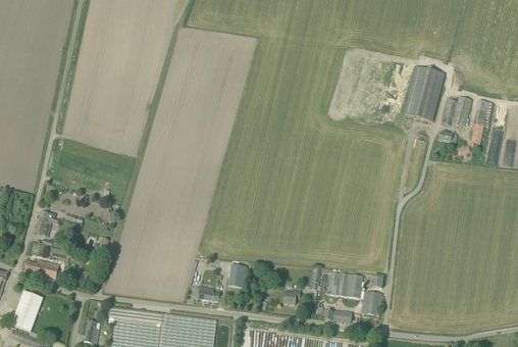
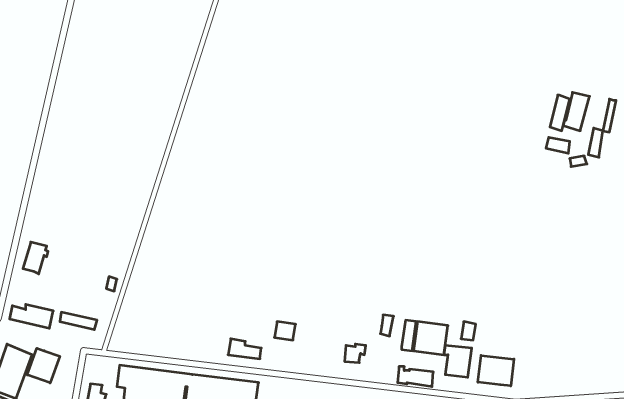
building: [405,66,444,120] -> none
building: none -> [27,348,60,383]
building: none -> [478,355,514,386]

